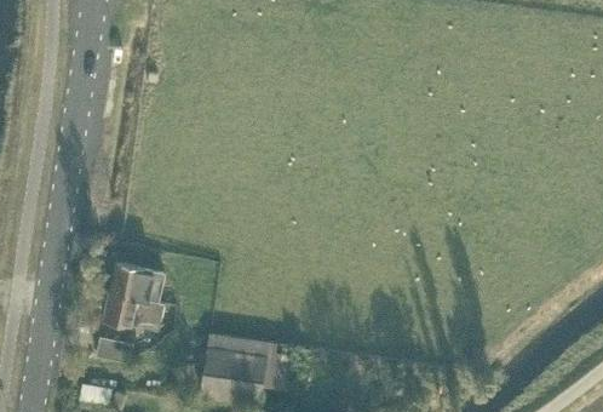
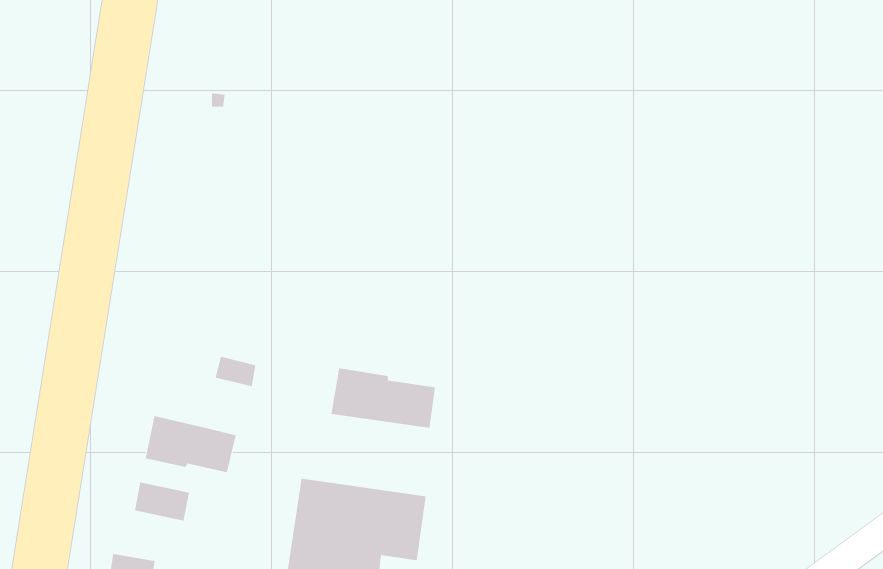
building: none -> [331,368,436,428]
building: [110,263,161,302] -> none

